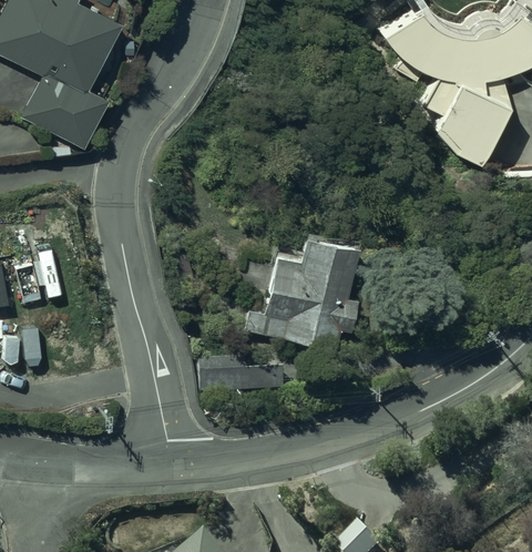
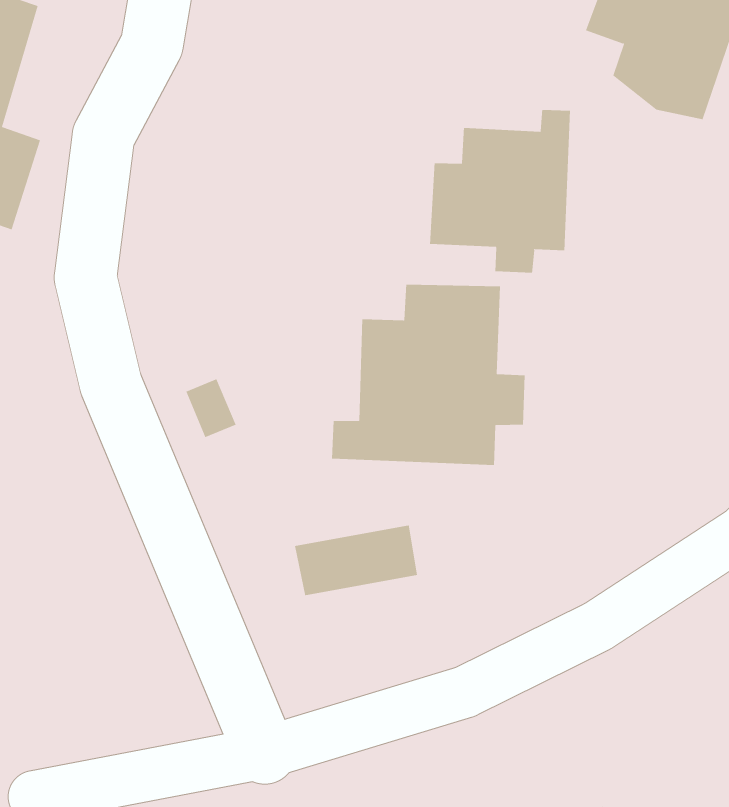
building: none -> [430,109,571,274]

